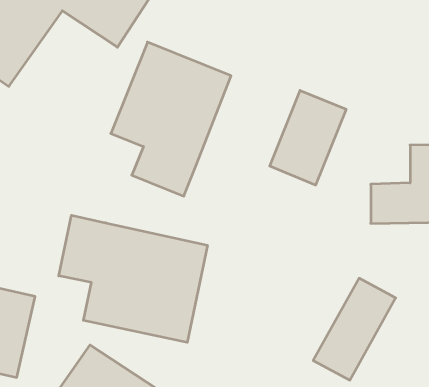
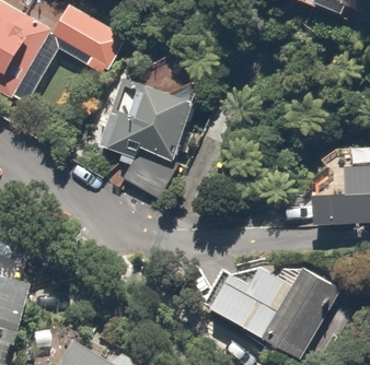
building: [270,90,346,185] -> none
building: [59,215,207,342] -> none
building: none -> [211,268,292,339]

